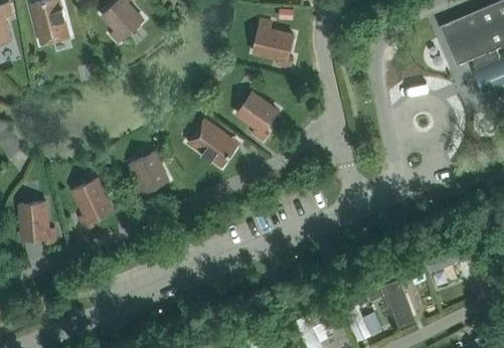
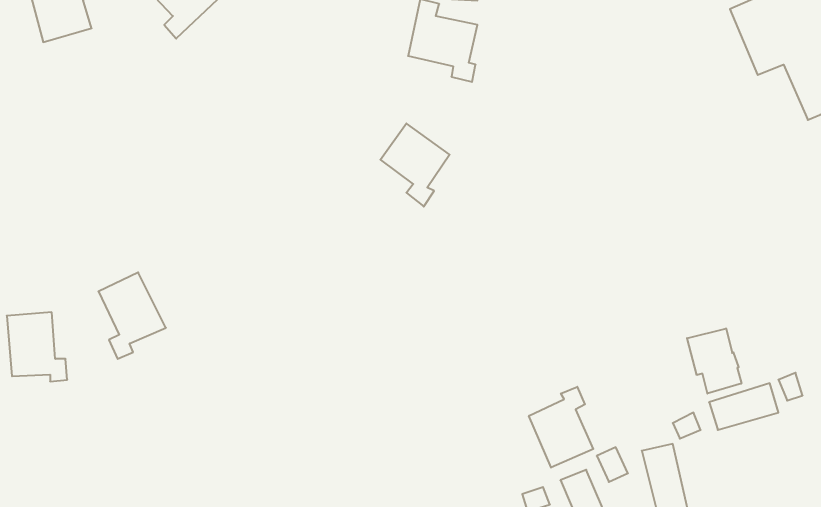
building: [187,120,235,167] -> none
building: [130,150,167,199] -> none
building: none -> [687,328,741,394]
building: none -> [529,387,593,468]

